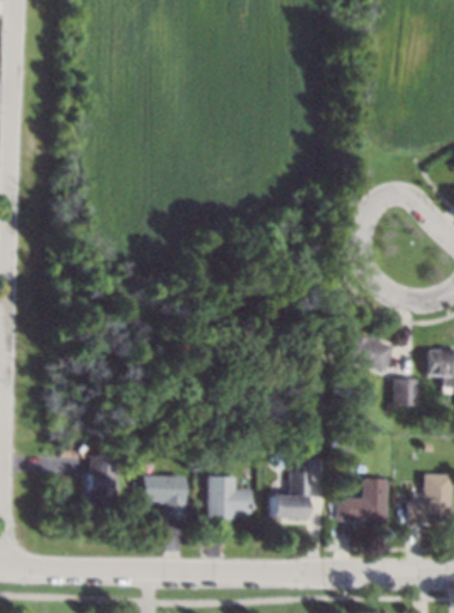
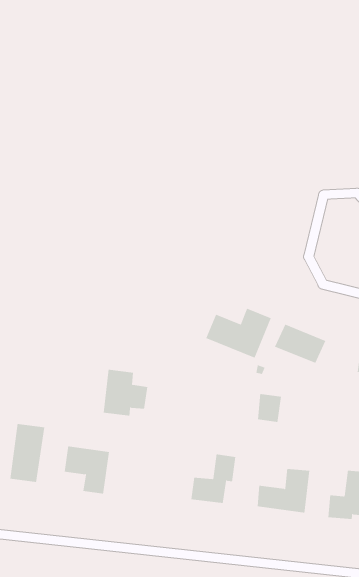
building: none -> [206,308,271,358]
building: [394,377,417,405] -> [257,393,282,423]
building: [207,475,250,521] -> [103,369,148,416]

